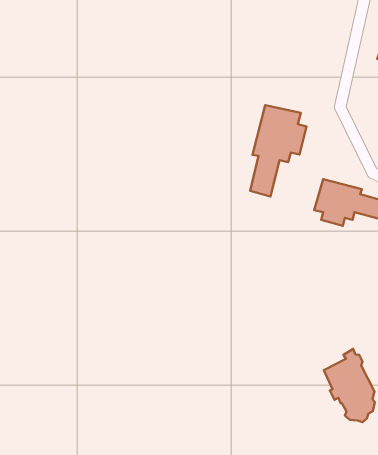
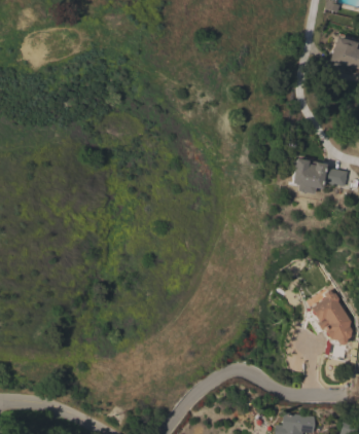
building: [250,105,306,197] -> none

